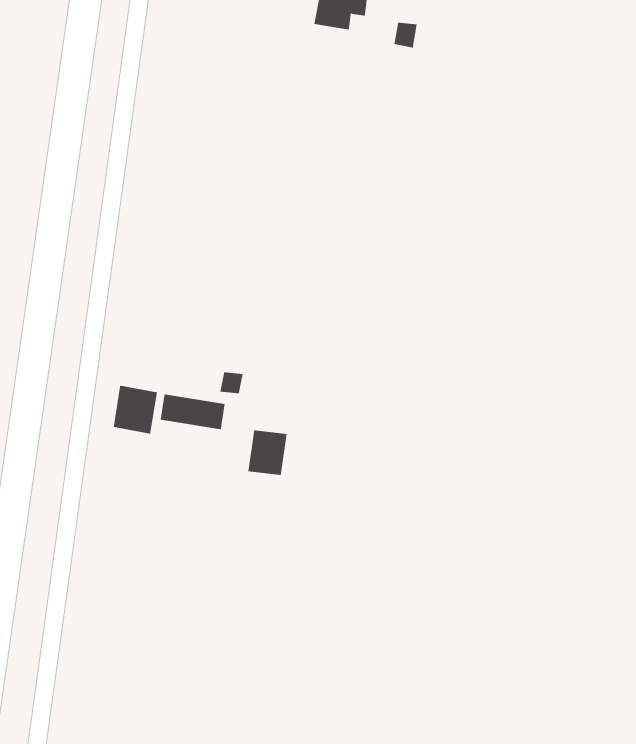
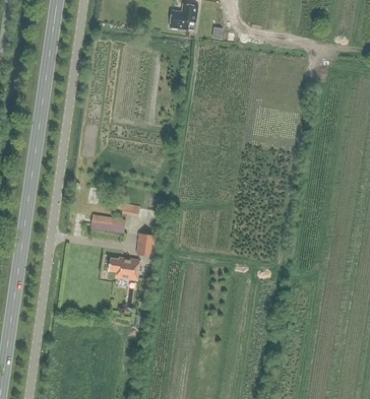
building: [113,385,157,434] -> none
building: none -> [109,257,140,280]

